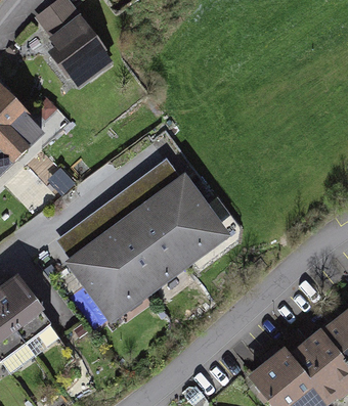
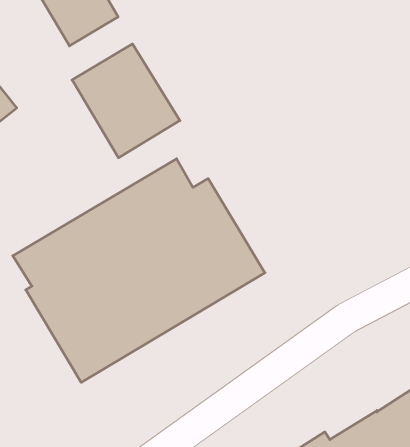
building: none -> [72,44,180,158]

